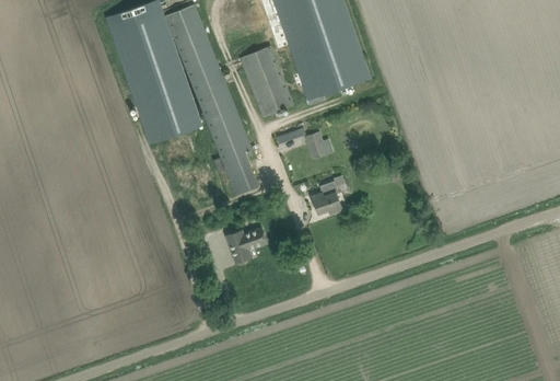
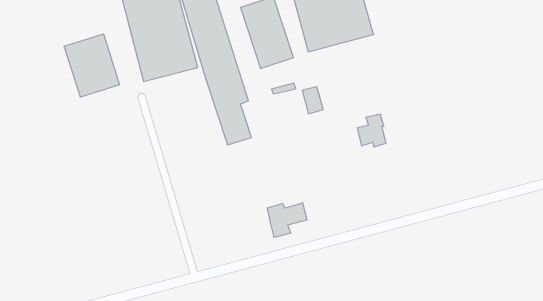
building: none -> [64,34,120,97]
building: [312,182,341,215] -> [357,114,386,147]
building: [226,228,267,264] -> [267,203,307,237]

